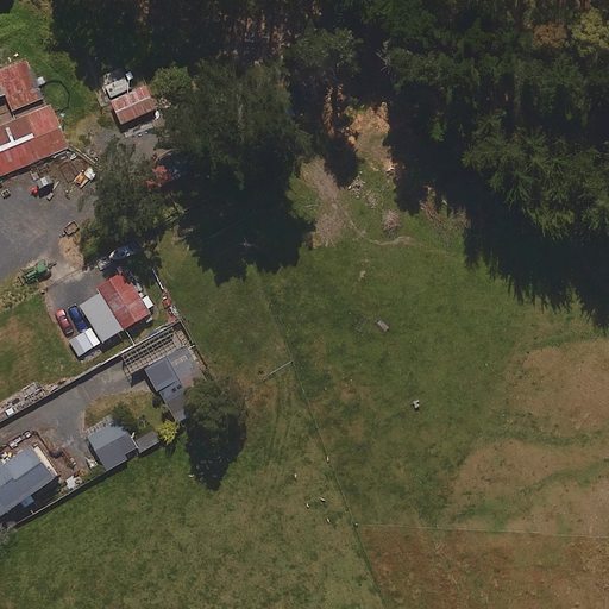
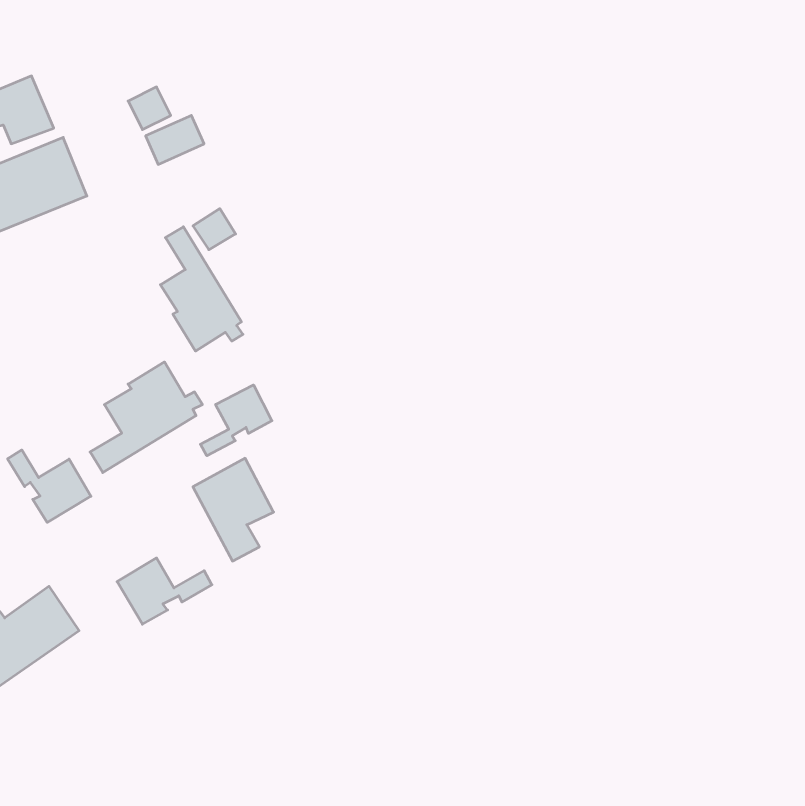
building: none -> [160,227,243,351]
building: none -> [200,385,272,456]
building: none -> [8,450,91,522]

